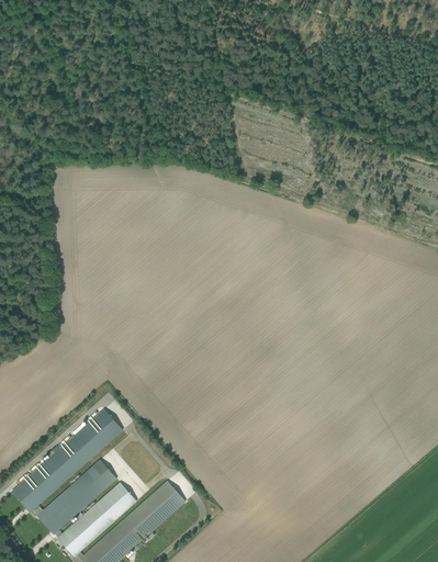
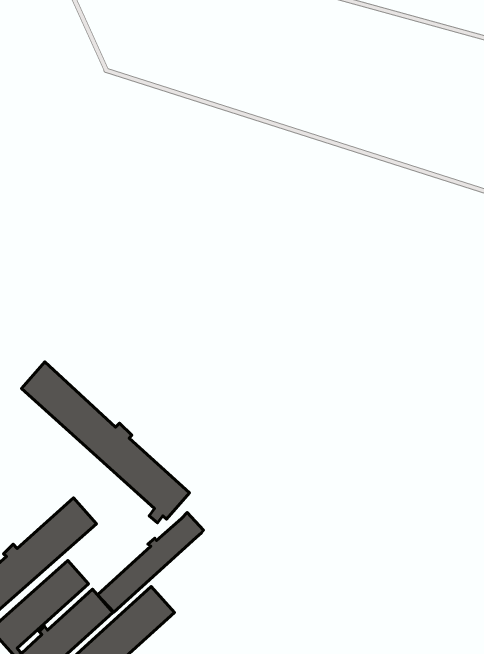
building: none -> [22,362,189,523]
building: none -> [97,513,204,612]

